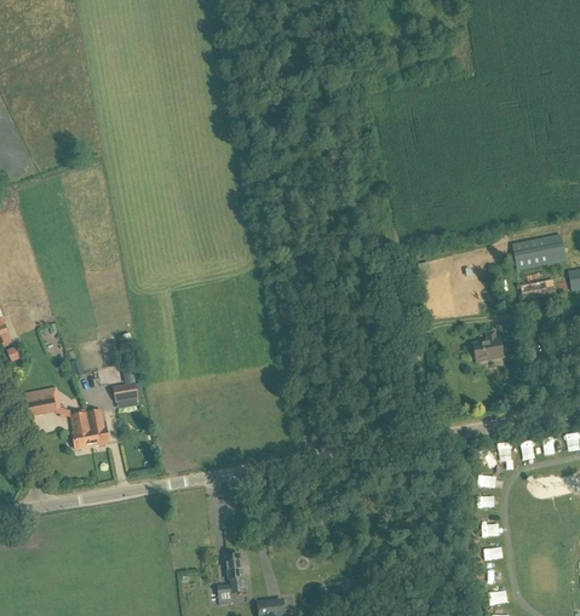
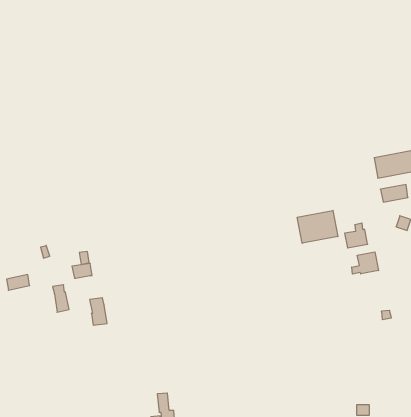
building: none -> [297,210,338,243]
building: none -> [352,252,379,274]
building: [70,413,93,449] -> [90,298,107,325]

